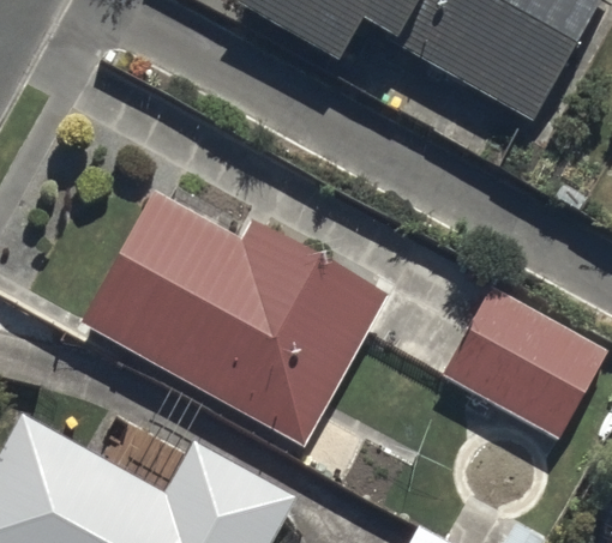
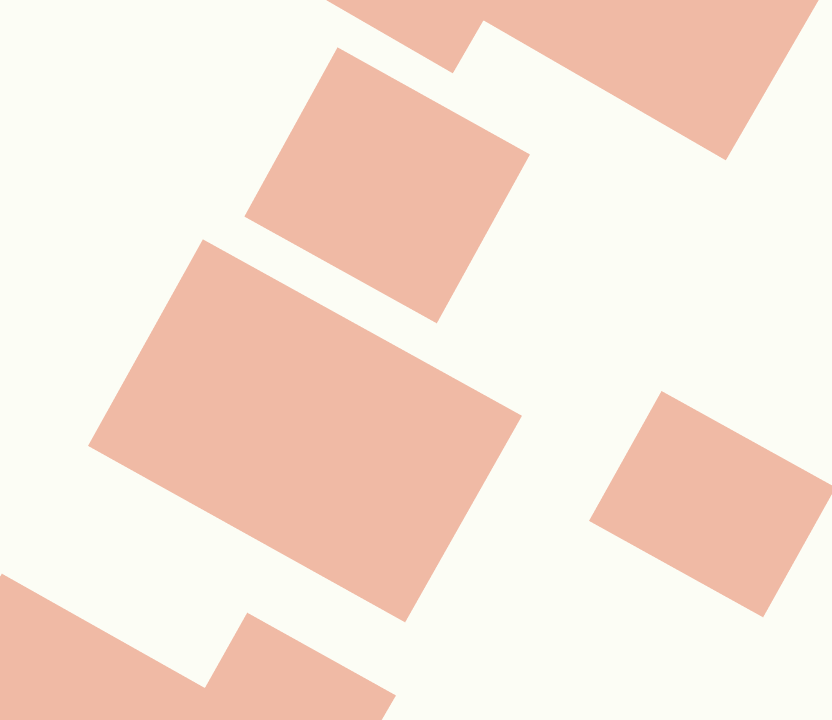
building: none -> [243,46,531,325]

